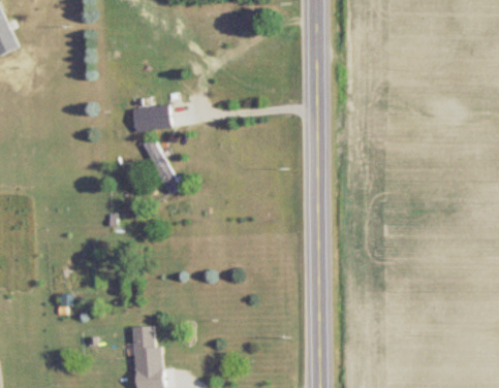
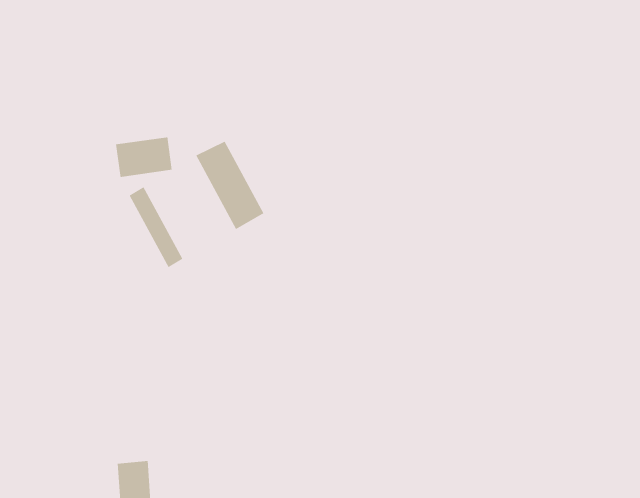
building: none -> [195,141,264,230]

